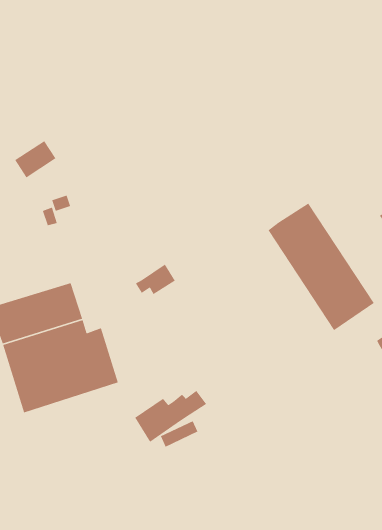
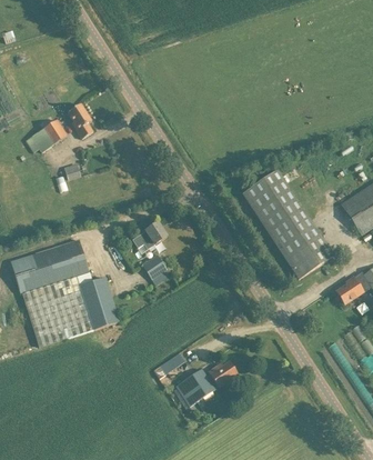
building: none -> [68,104,92,140]
building: none -> [140,254,170,287]
building: [134,390,207,443] -> [175,363,236,408]

